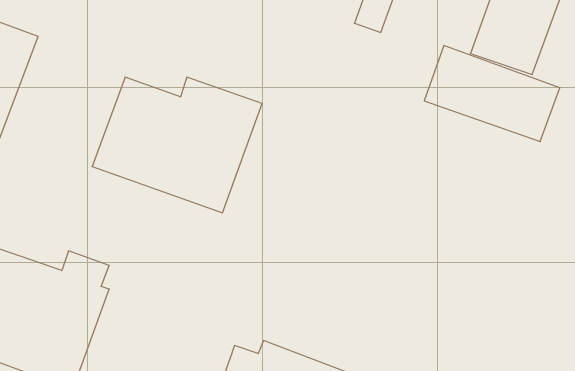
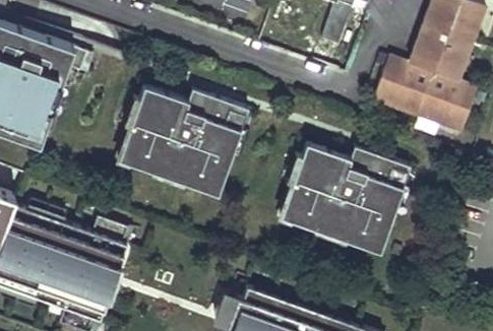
building: none -> [278,139,412,250]

